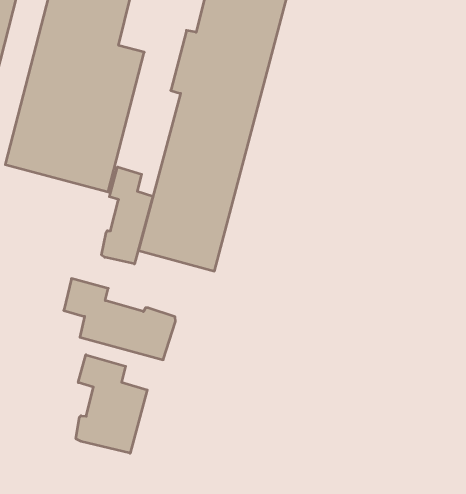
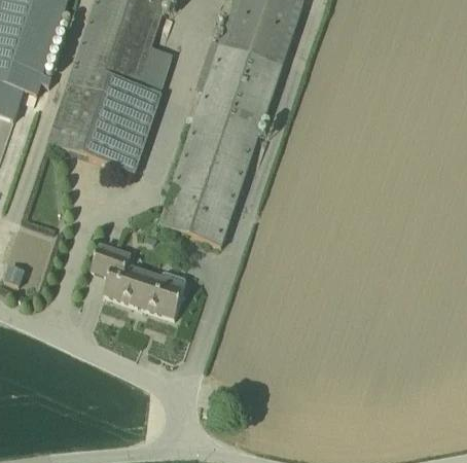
building: [102,167,153,264] -> none
building: [76,355,147,453] -> none

